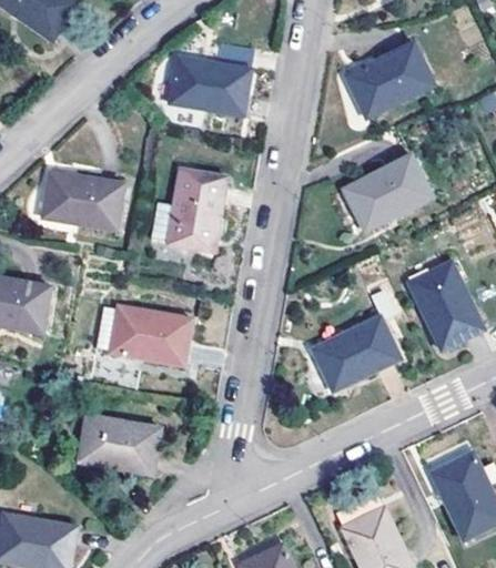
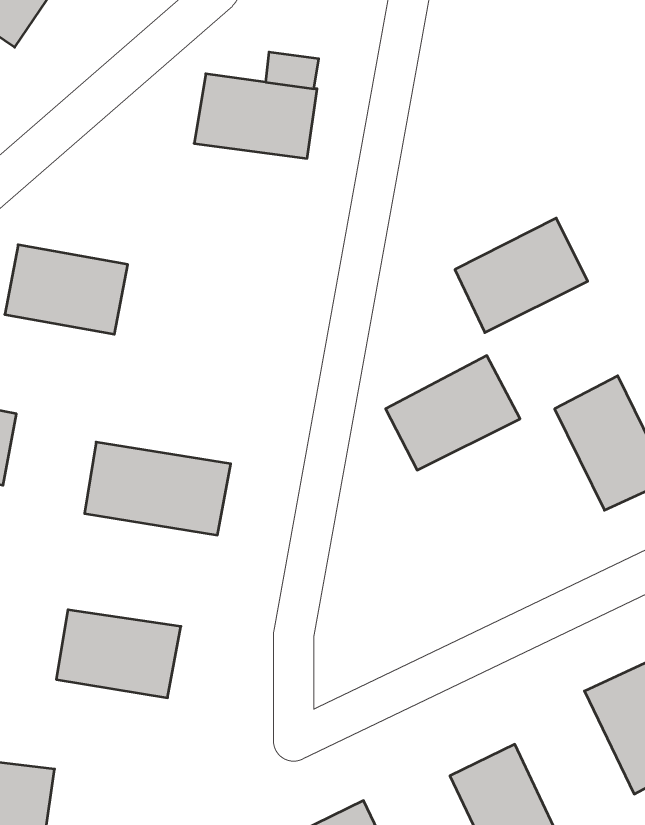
building: [346,39,434,115] -> none
building: [168,169,227,251] -> none
building: [312,314,402,390] -> [386,356,520,470]

